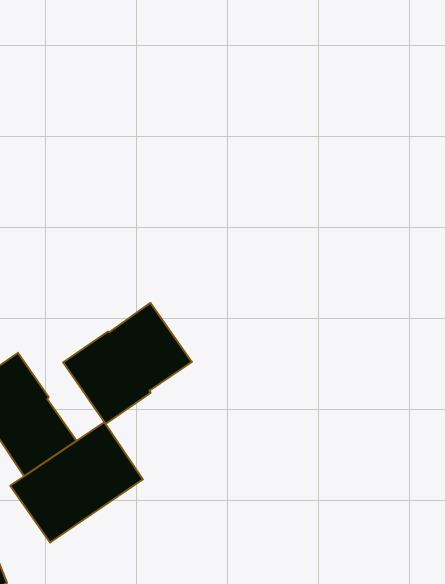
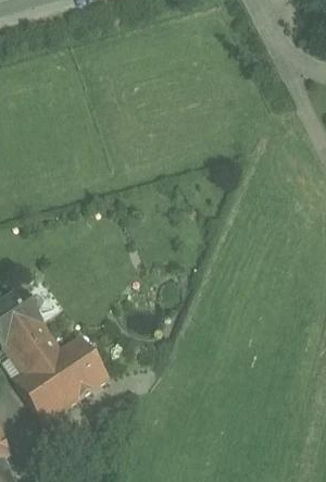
building: [63,303,192,424] -> none

